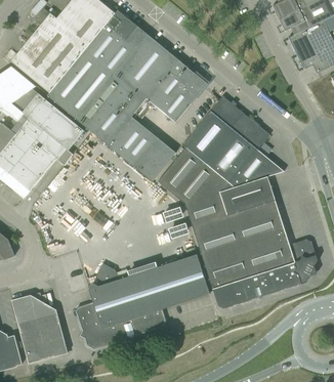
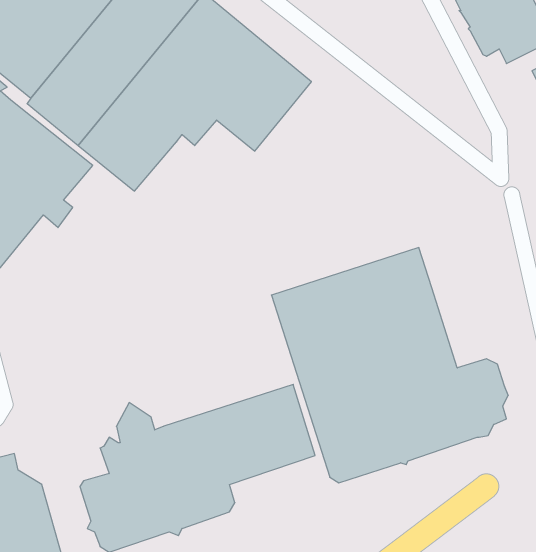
building: [158,95,284,203] -> none
building: [108,117,175,181] -> none

